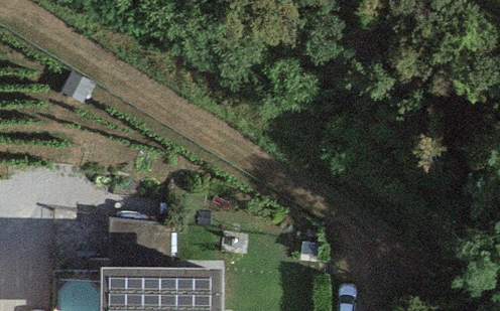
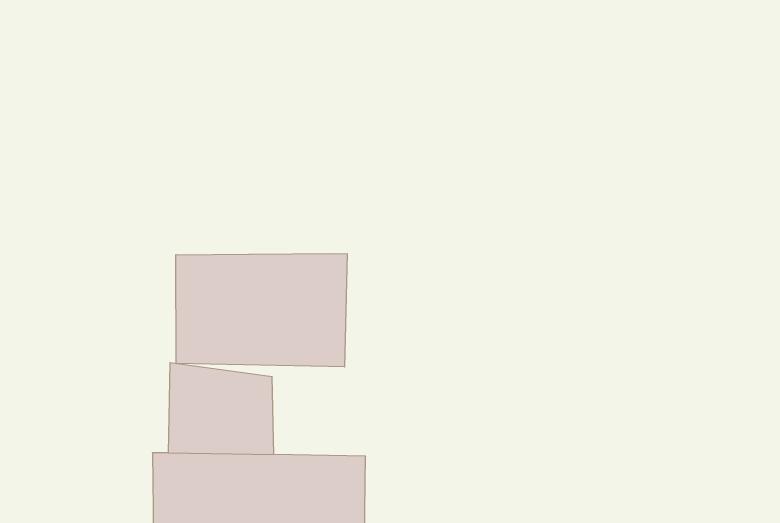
building: none -> [176,254,347,367]

